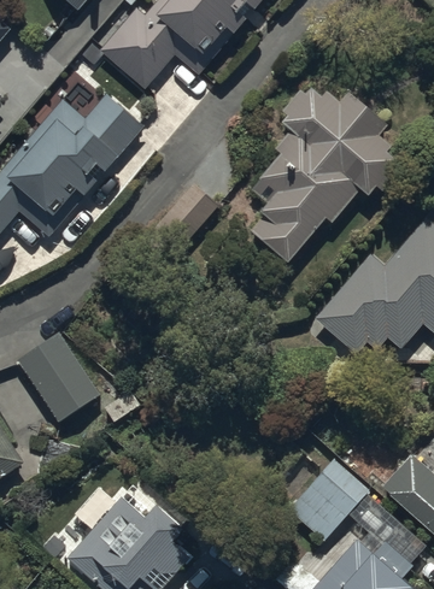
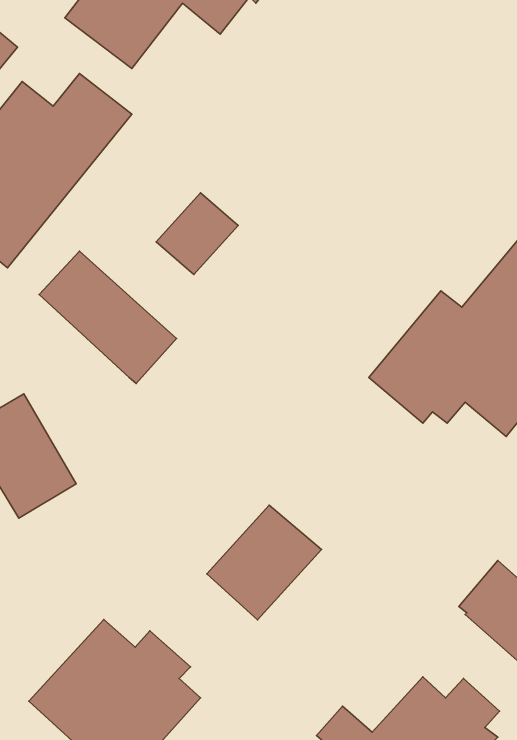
building: [250,77,404,261] -> none
building: none -> [39,251,177,383]
building: [287,458,371,542] -> [207,505,321,620]

